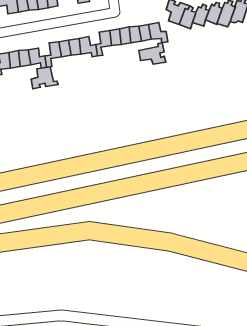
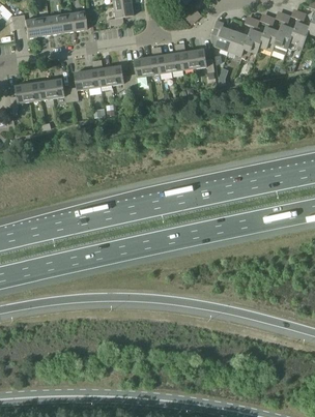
building: [139,43,166,64] -> none
building: [31,67,58,89] -> none

